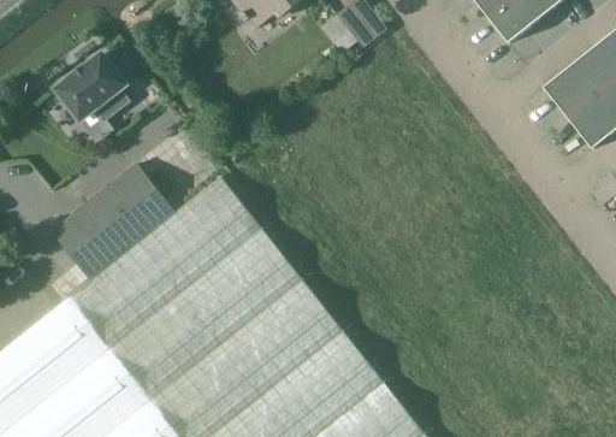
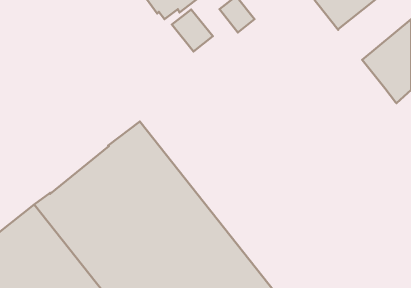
building: none -> [172,9,213,51]
building: [55,54,129,122] -> none
building: [52,165,177,283] -> none

